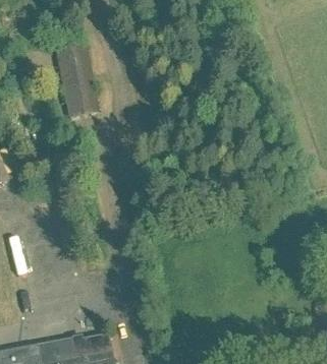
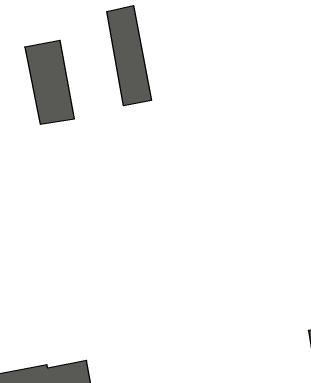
building: none -> [107,6,151,106]

